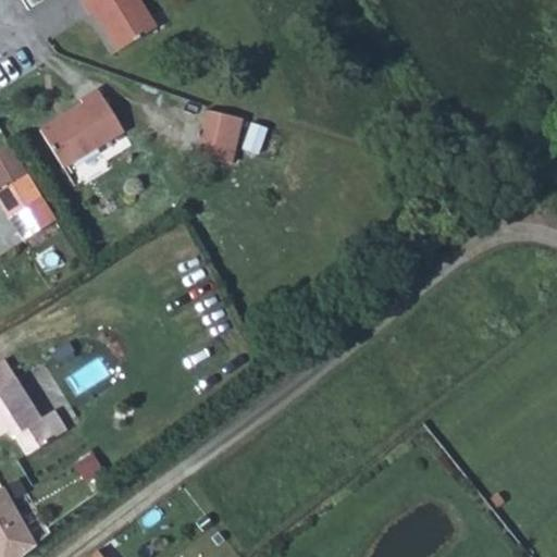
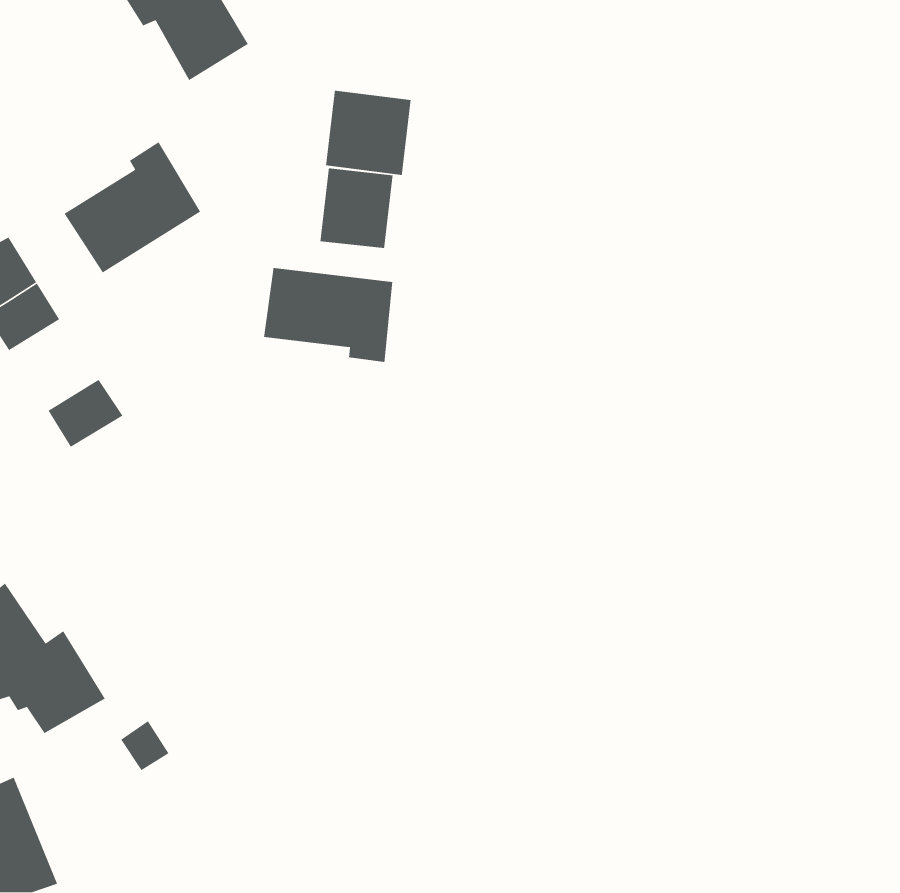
building: none -> [325,90,412,176]
building: none -> [263,267,393,363]
building: [5,197,52,239] -> [48,379,123,448]

